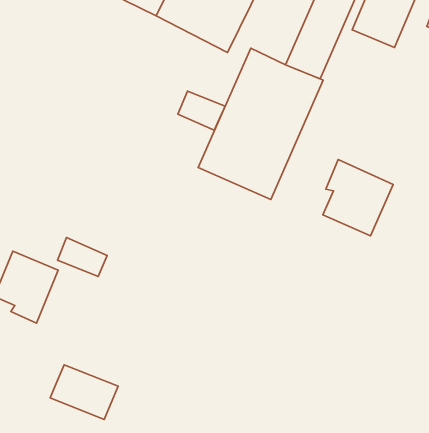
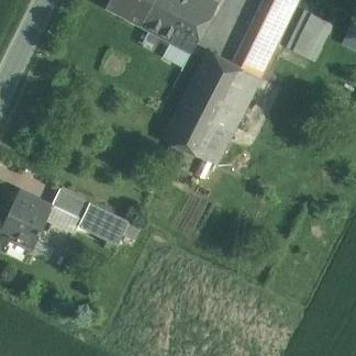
building: [178,91,225,130] -> none
building: [323,159,393,236] -> none
building: [50,365,118,419] -> [77,201,129,244]

